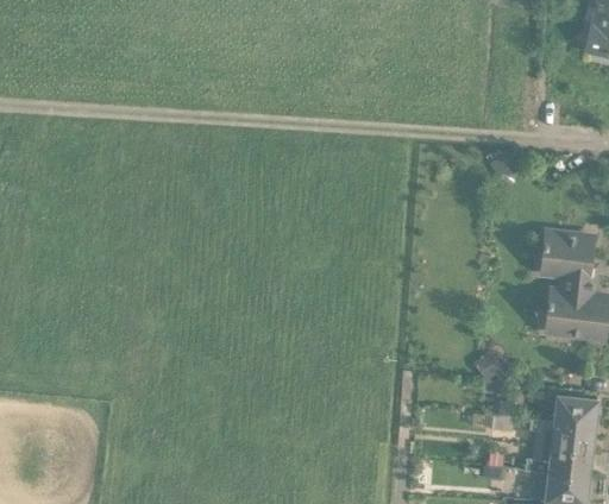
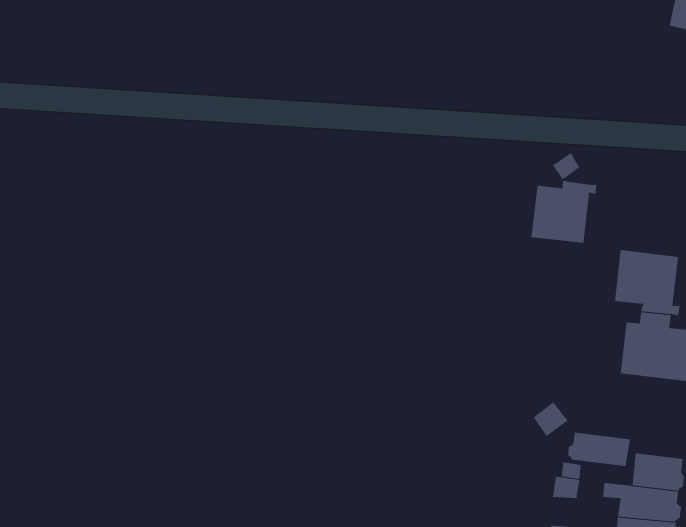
building: none -> [531,180,597,243]
building: none -> [568,432,630,467]

